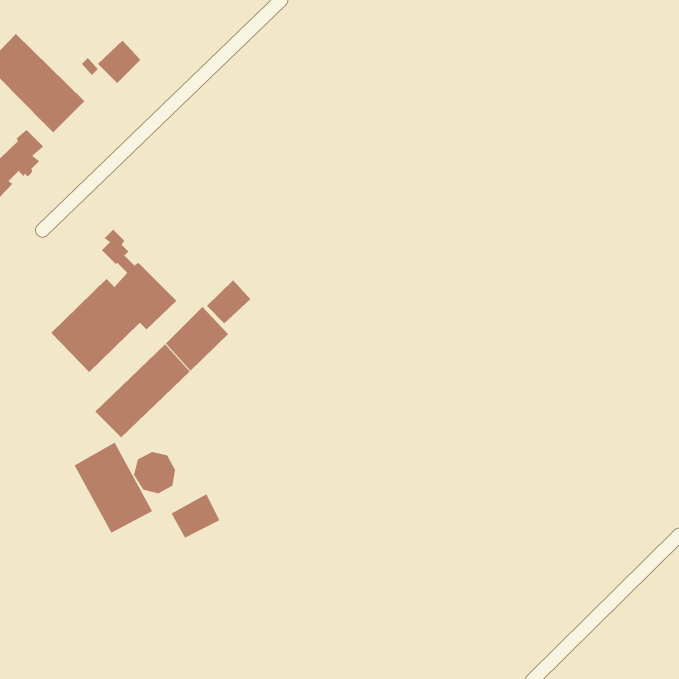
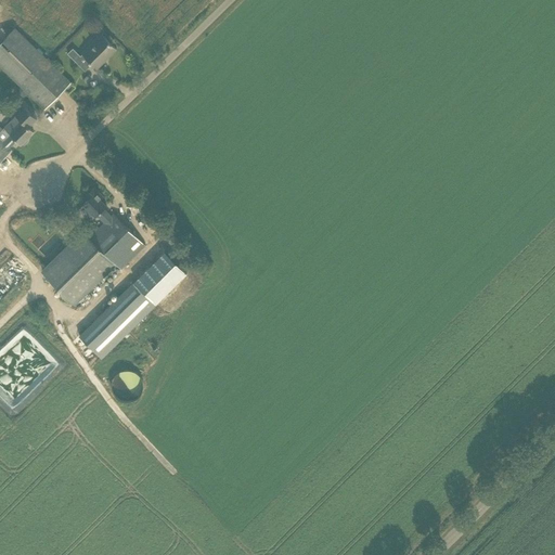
building: [206,280,251,324] -> none
building: [74,442,153,534] -> none
building: [171,494,220,539] -> none

